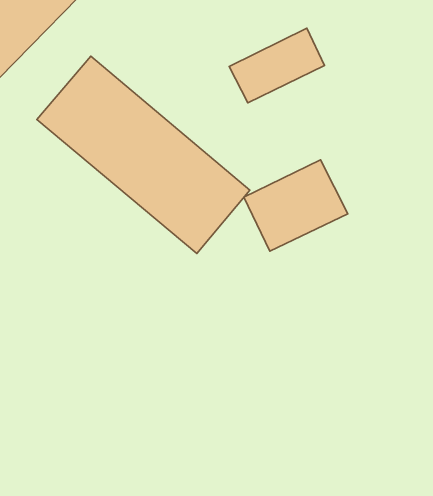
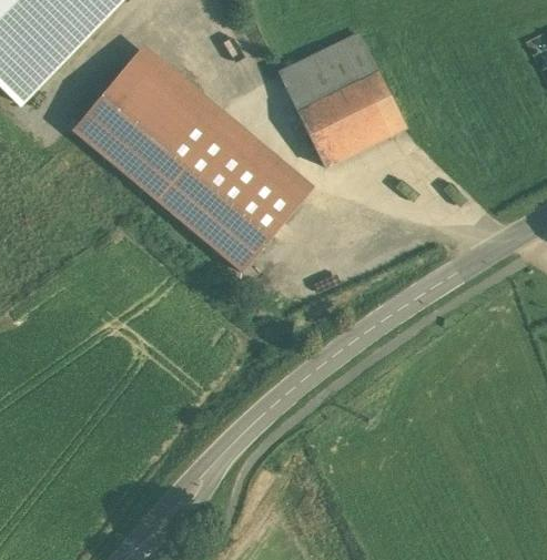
building: none -> [130,43,314,204]
building: [244,160,348,251] -> [297,71,408,169]

